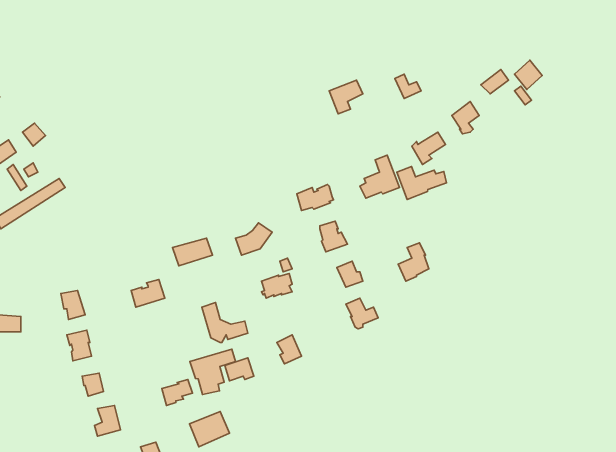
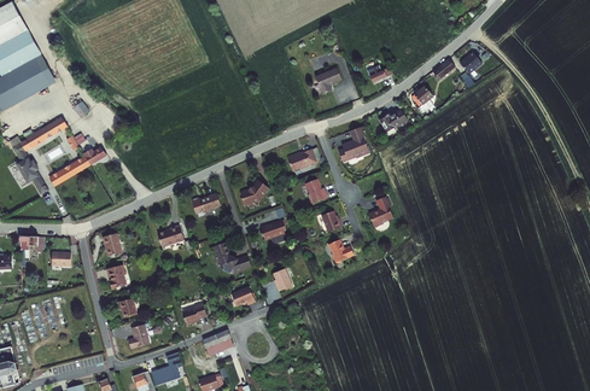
building: [397,167,446,199] -> none
building: [190,349,236,395] -> none

